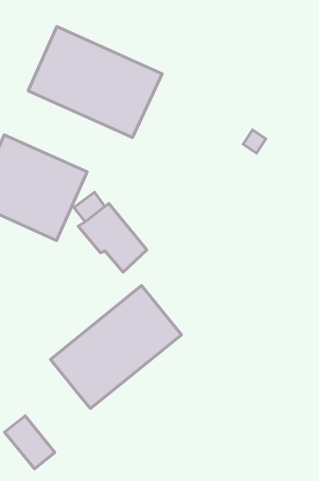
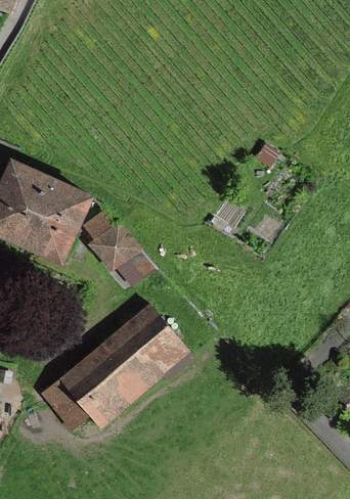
building: [28,27,162,137] -> none
building: [5,416,55,469] -> [41,375,91,428]

